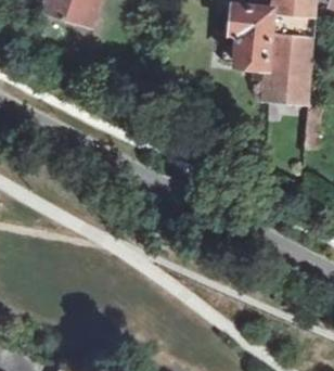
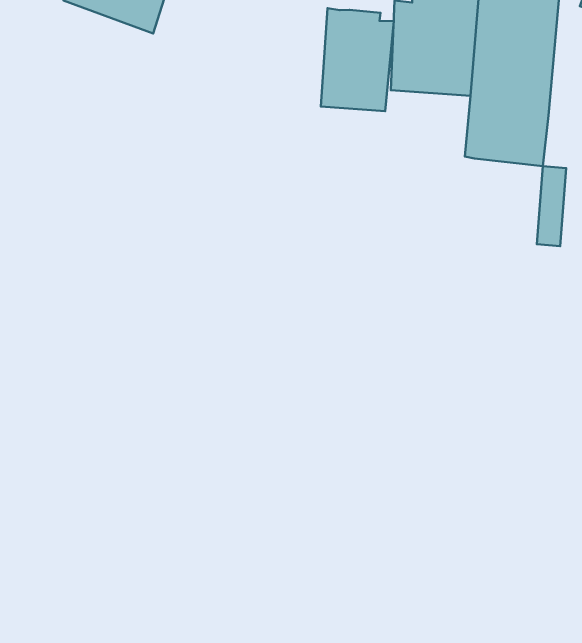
building: none -> [321,8,394,111]

